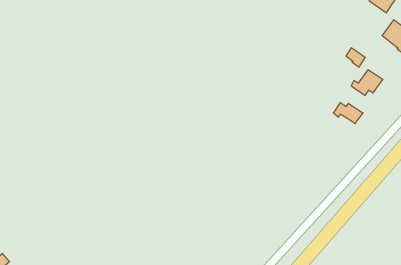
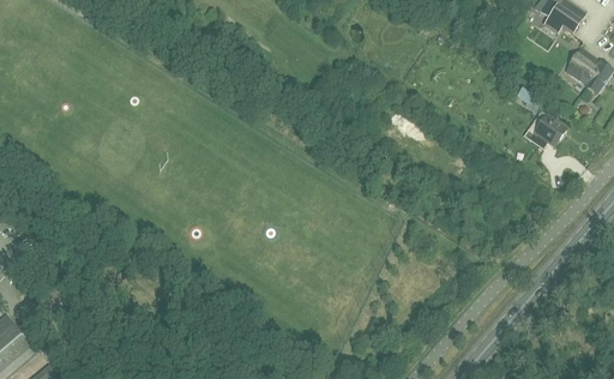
building: [333,103,363,124] -> none

